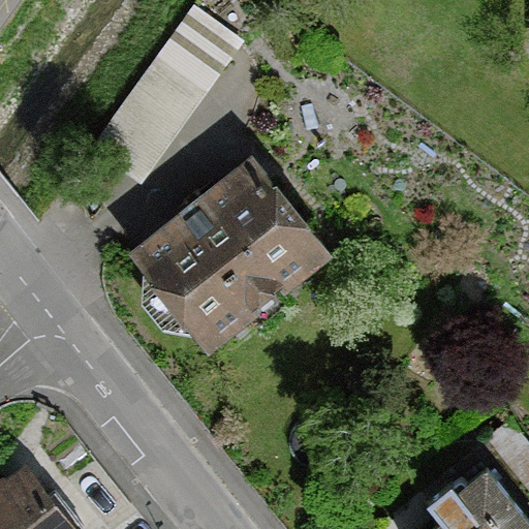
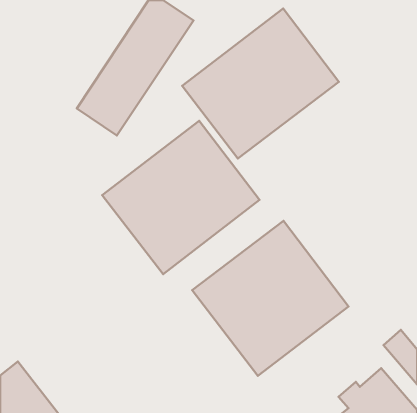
building: none -> [182,8,339,158]
building: none -> [192,221,348,376]

